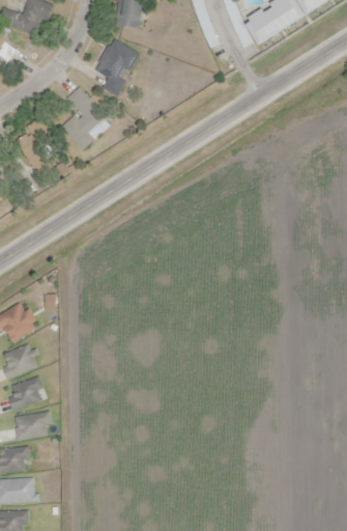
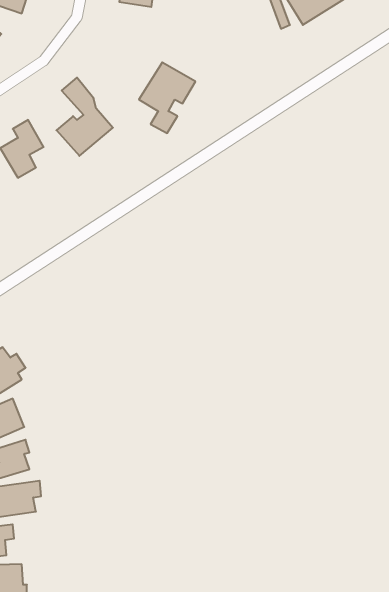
building: [94,38,140,95] -> [139,62,195,133]

